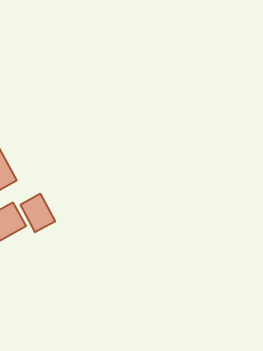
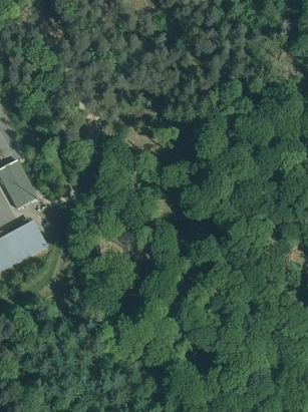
building: [21,194,55,232] -> none

